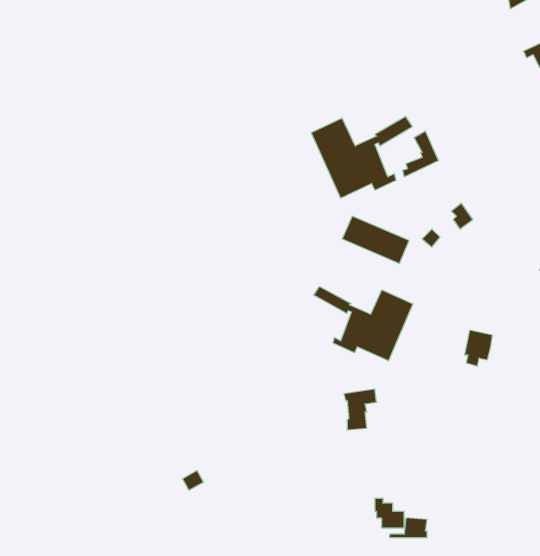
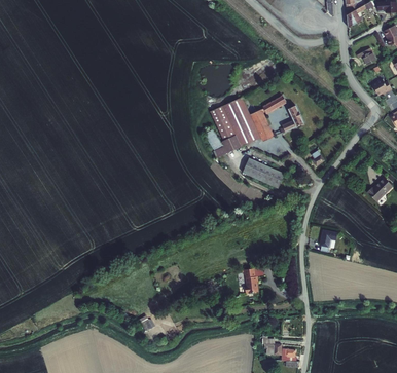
building: none -> [205,106,242,158]
building: [314,287,413,361] -> none

